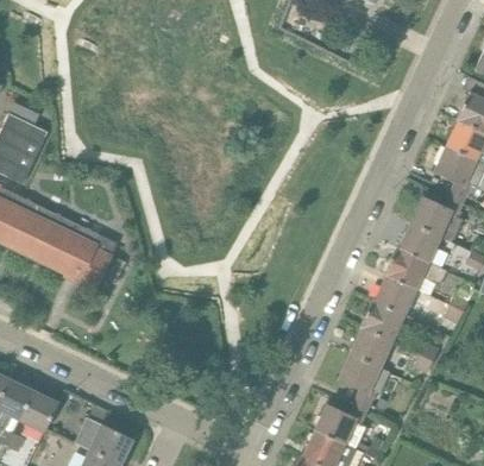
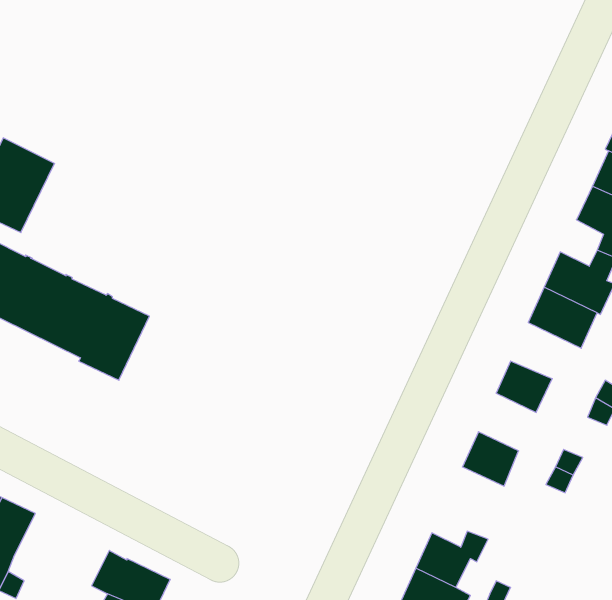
building: [383,247,447,295] -> none
building: [359,300,404,344] -> none
building: [337,355,381,409] -> none
building: [18,390,59,434] -> none

